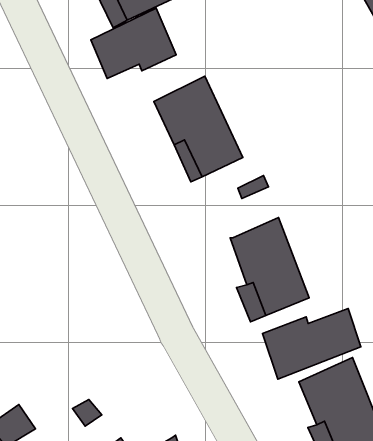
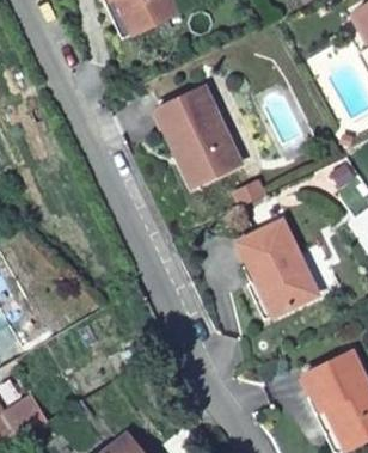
building: [91,8,176,79] -> none
building: [262,309,361,379] -> none

